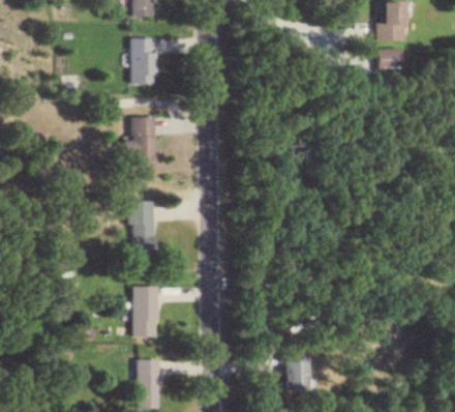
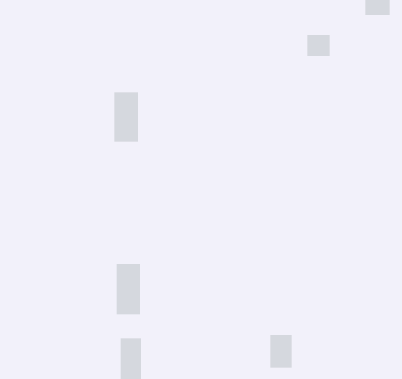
building: [132,38,158,83] -> none
building: [378,50,402,71] -> [306,34,330,56]
building: [131,202,154,257] -> none

